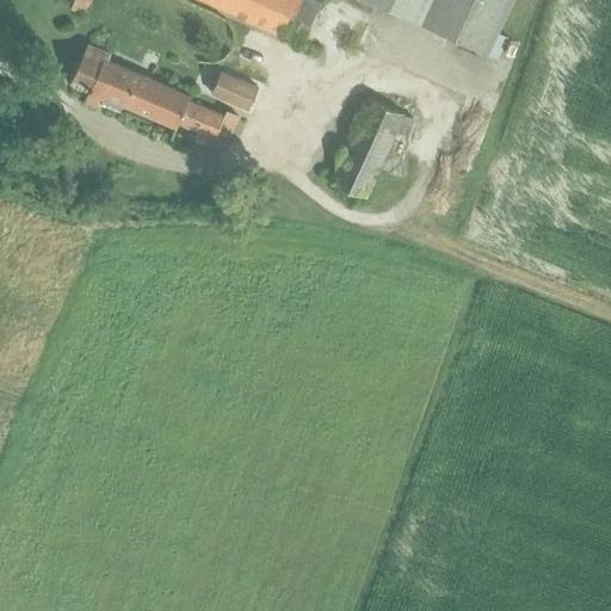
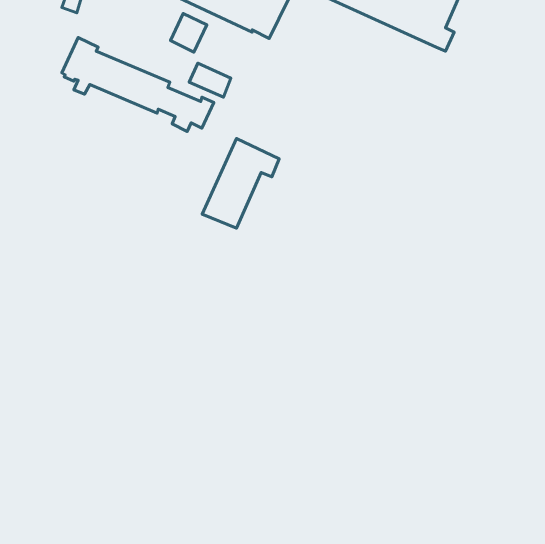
building: none -> [171,14,207,52]
building: [328,94,414,195] -> [202,138,279,228]

